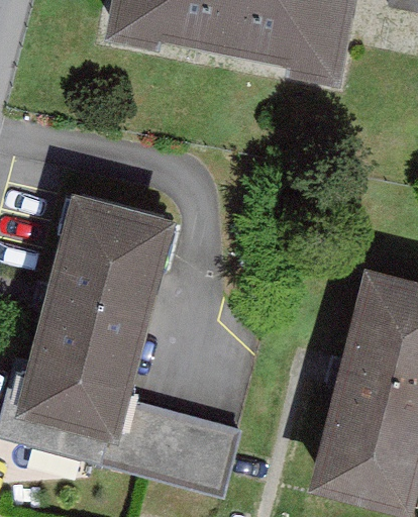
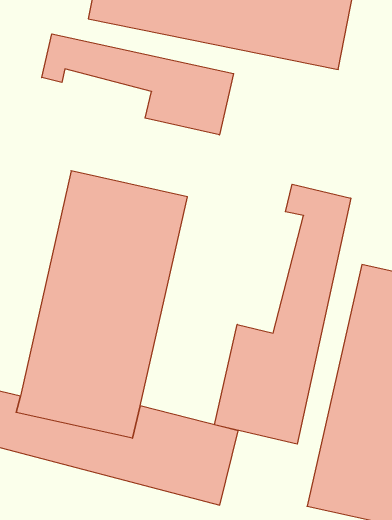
building: none -> [42,34,234,135]
building: none -> [215,184,351,444]

